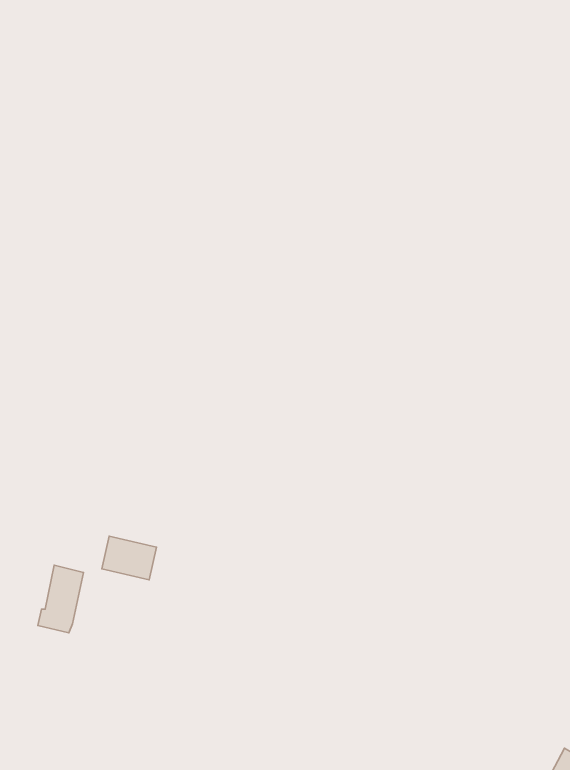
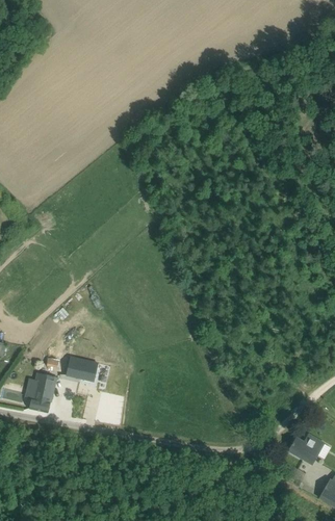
building: none -> [289,435,320,464]

